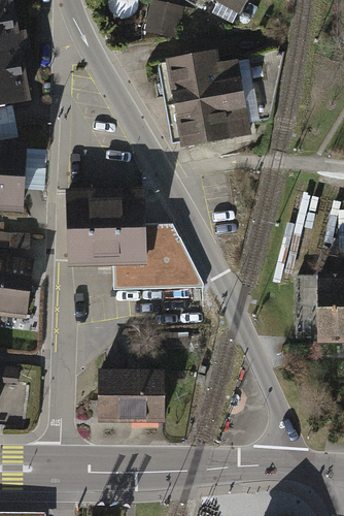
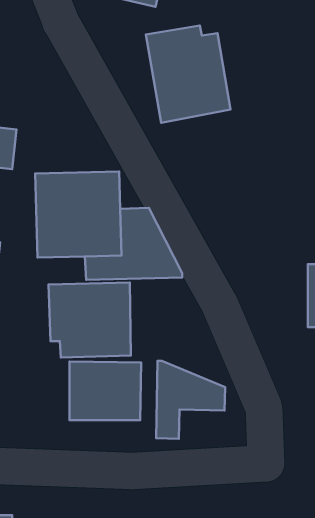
building: none -> [49,282,131,357]
building: none -> [156,361,225,439]

